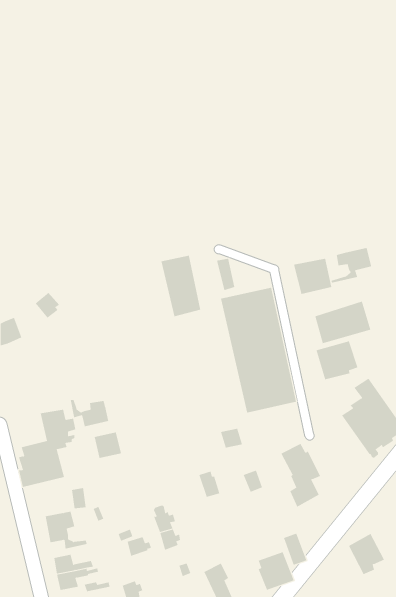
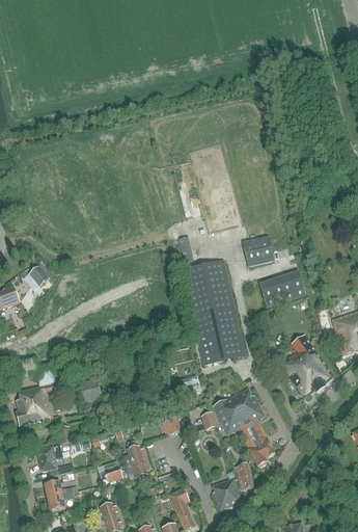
building: [331,247,372,283] -> none
building: [161,255,201,317] -> none
building: [316,340,358,380] -> none
building: [70,399,109,427] -> none
building: none -> [213,397,244,434]
building: [348,533,385,575] -> [245,431,275,466]

